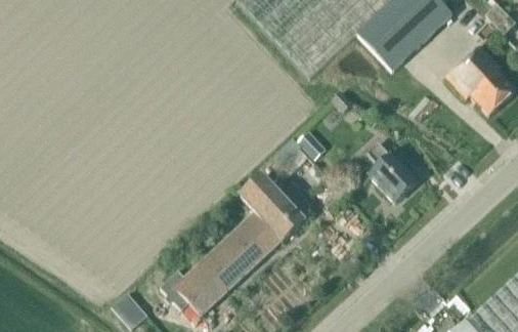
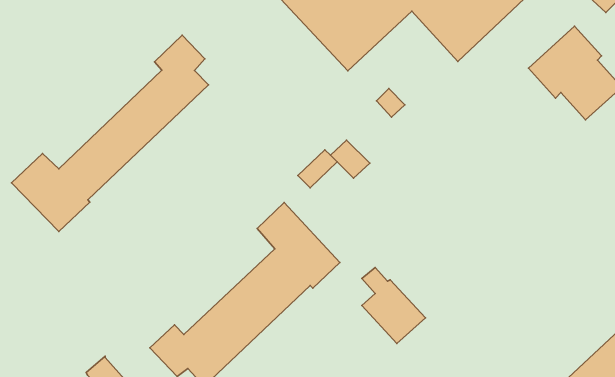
building: none -> [11,35,208,232]
building: [369,144,417,202] -> [362,268,425,344]

